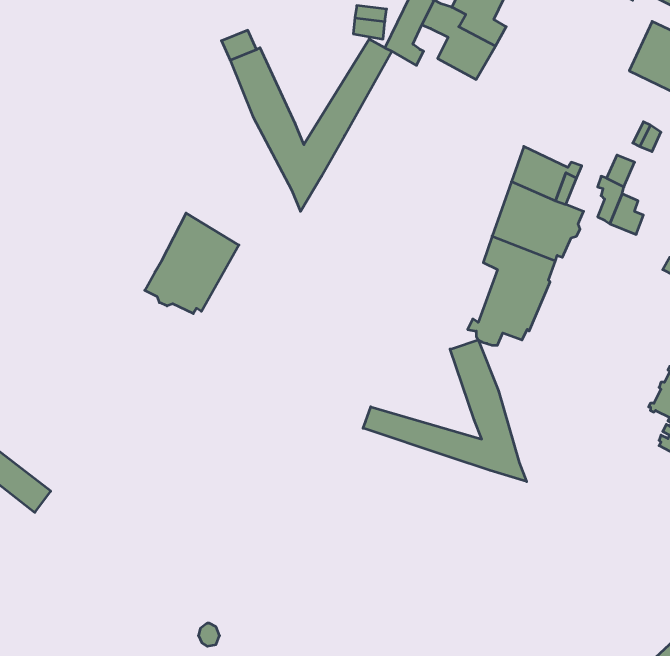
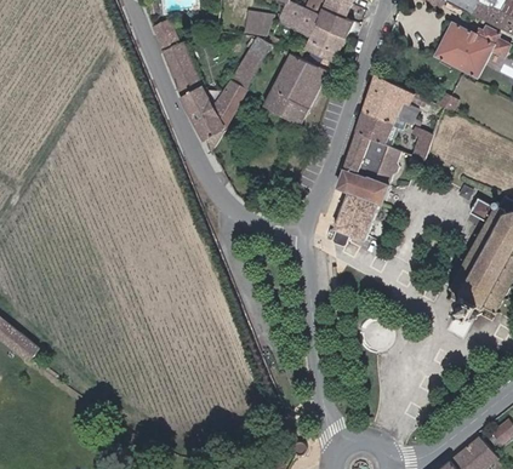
building: none -> [263,53,326,128]
building: none -> [363,74,412,122]
building: [145,213,239,314] -> none
building: [363,340,527,482] -> none

